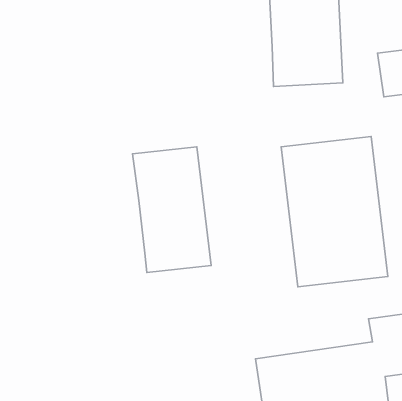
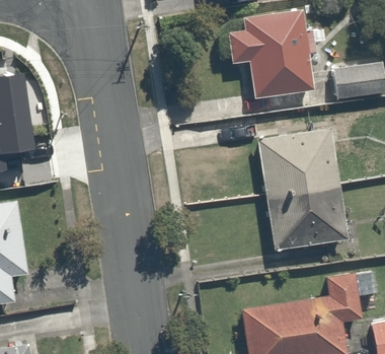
building: [133,147,211,273] -> none

